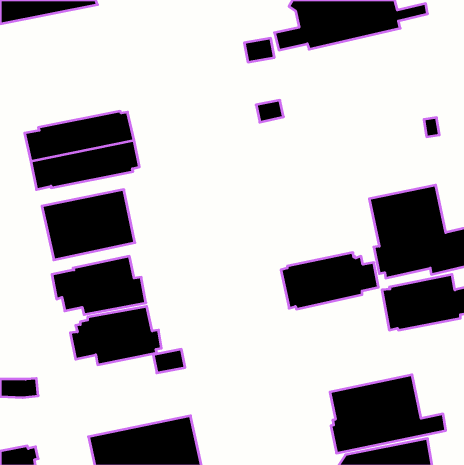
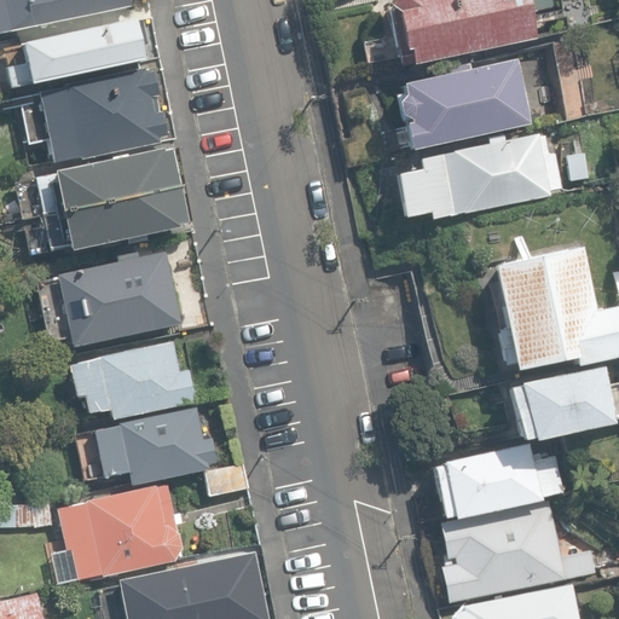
building: none -> [7,19,149,88]
building: none -> [397,59,528,150]
building: none -> [40,68,168,162]
building: none -> [397,134,561,221]
building: [281,253,378,309] -> [432,442,561,517]
building: none -> [58,485,181,580]

